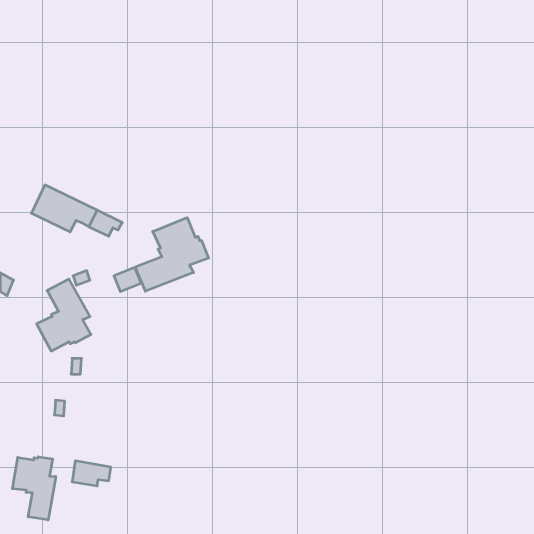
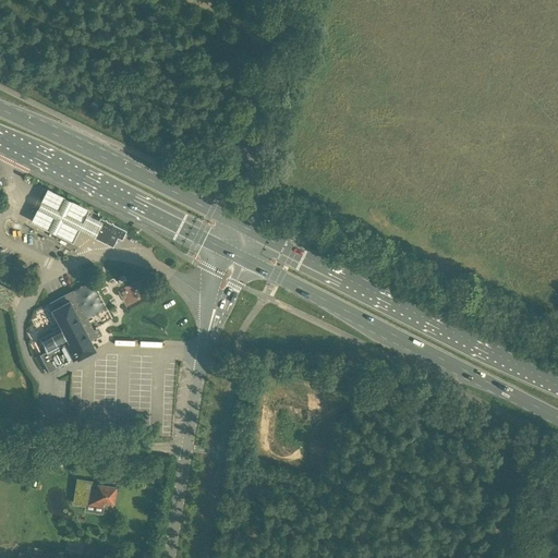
building: [135,218,209,291] -> none
building: [12,457,56,520] -> none

